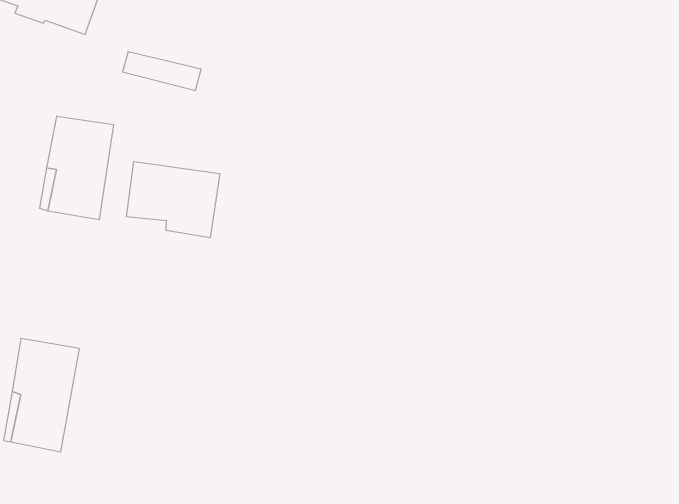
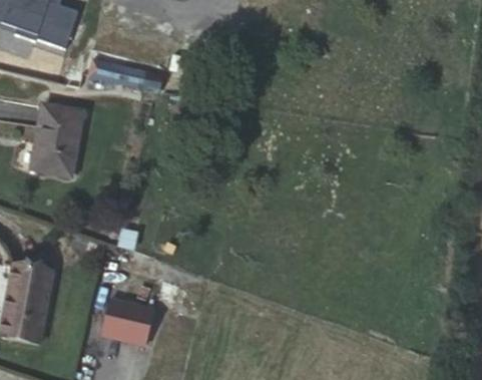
building: [127,162,220,238] -> none
building: none -> [96,300,149,344]

